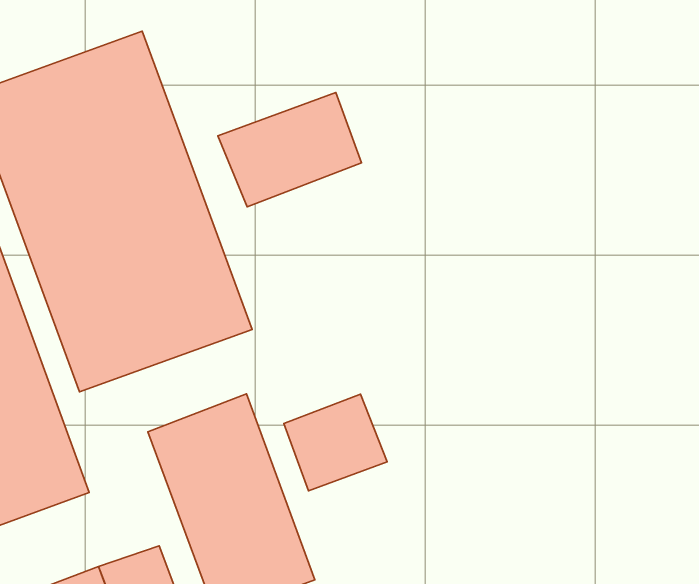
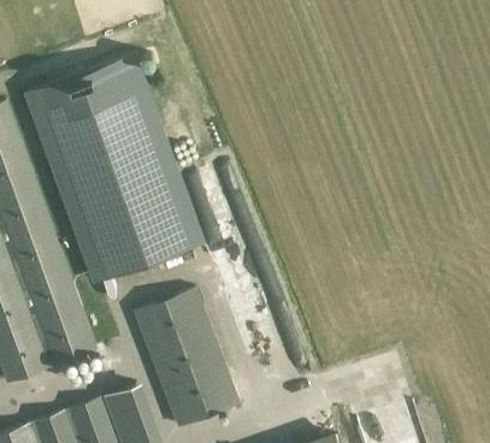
building: [218,92,362,207] -> none
building: [284,394,387,491] -> none

